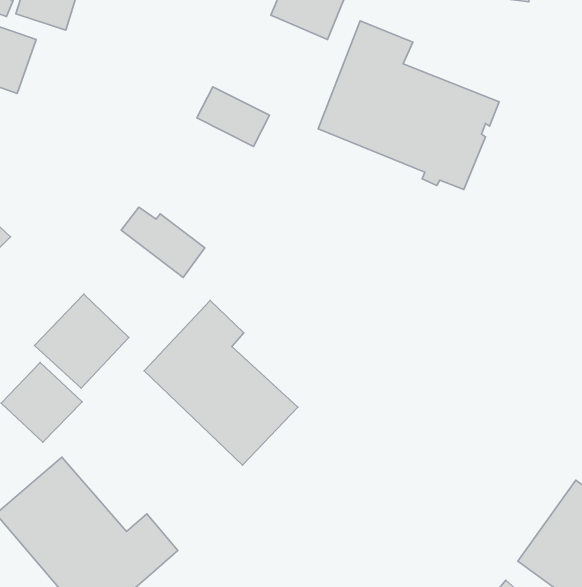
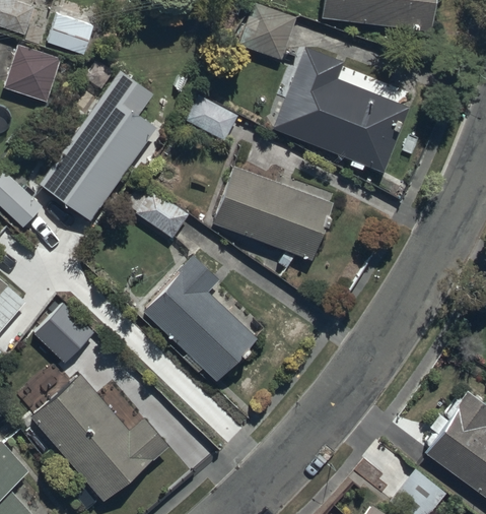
building: none -> [40,69,155,219]
building: none -> [212,165,334,260]
building: [35,294,129,388] -> none

